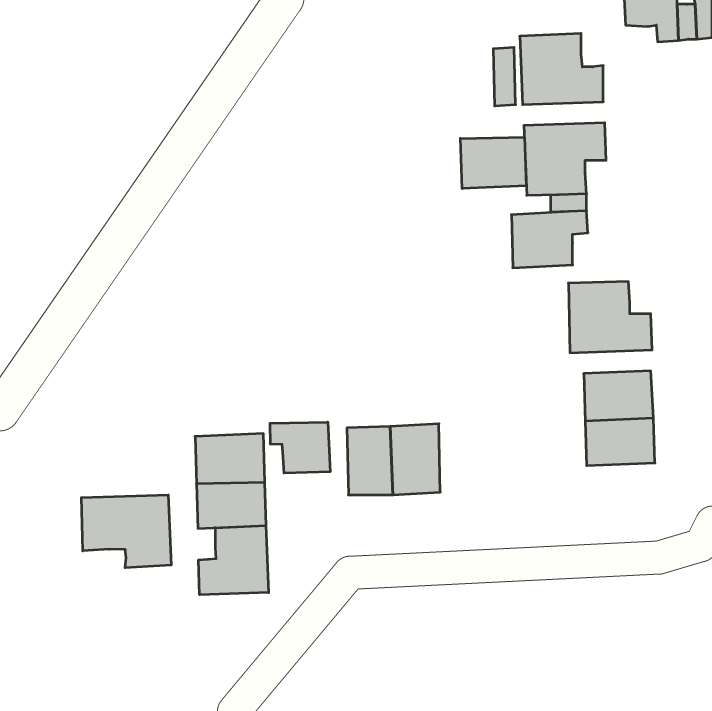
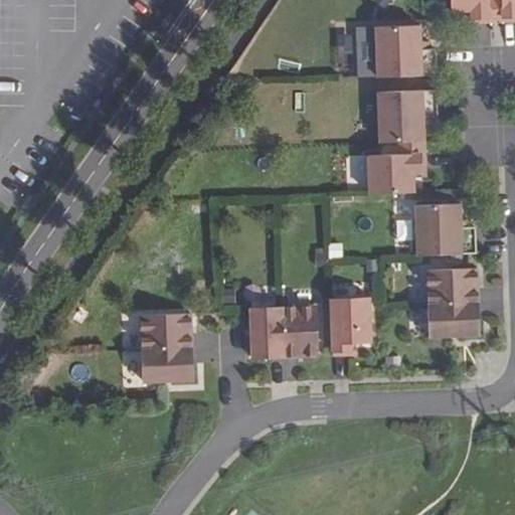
building: [460,137,526,189] -> none
building: none -> [331,298,371,355]
building: [270,422,330,473] -> none
building: [81,495,171,568] -> none
building: [199,526,269,595] -> none

